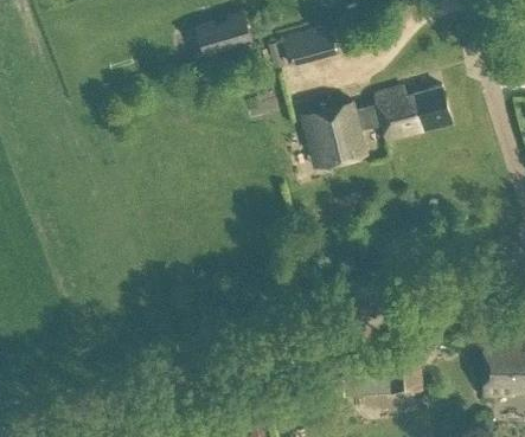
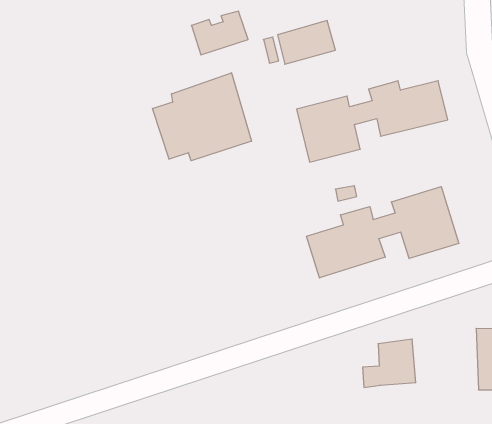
building: none -> [153,73,252,161]
building: none -> [307,187,459,278]

